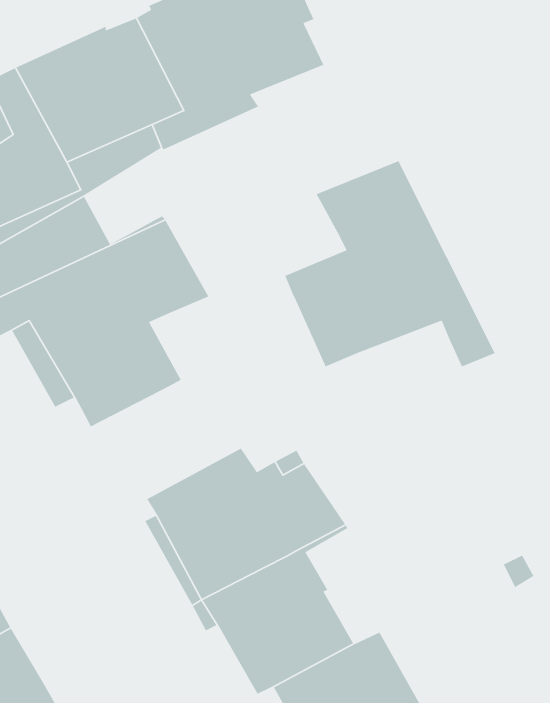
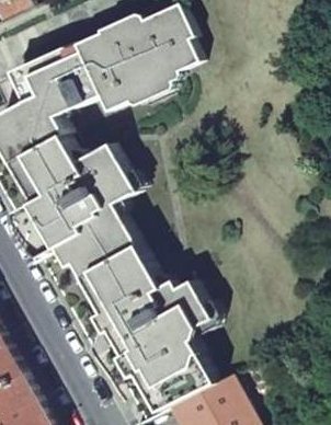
building: [284,160,496,368] -> none
building: none -> [68,191,151,302]

